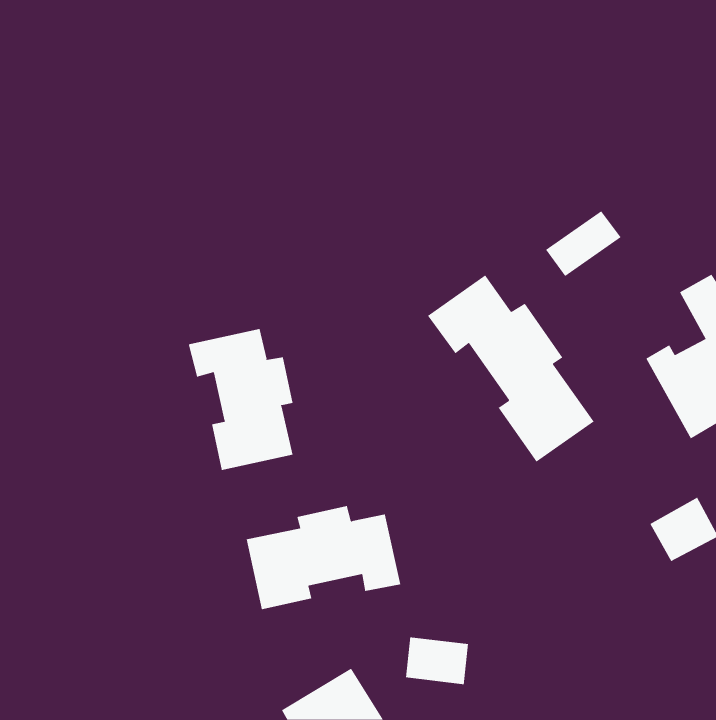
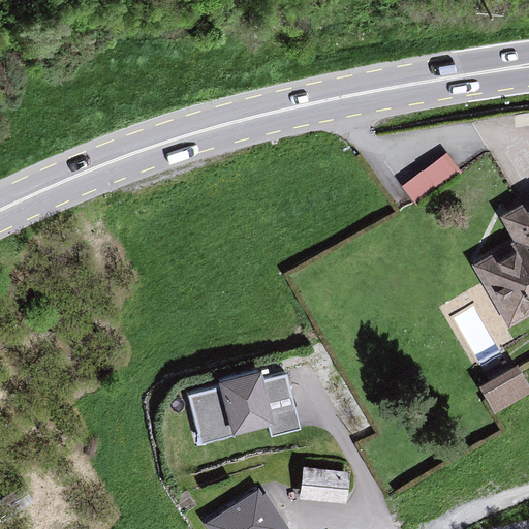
building: [427,275,595,463] -> none
building: [188,328,293,471] -> none

